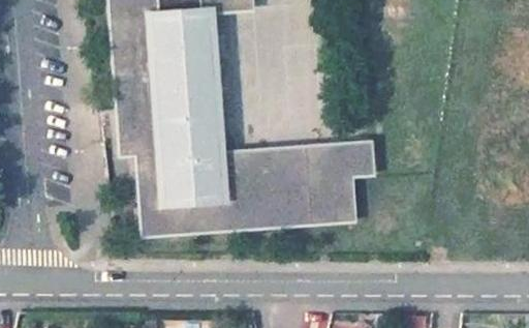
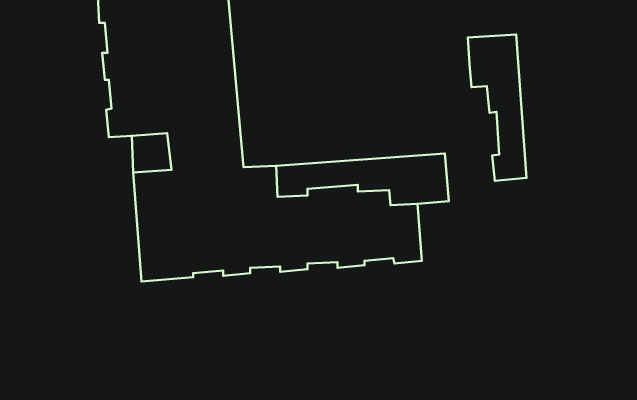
building: none -> [468,35,526,181]

